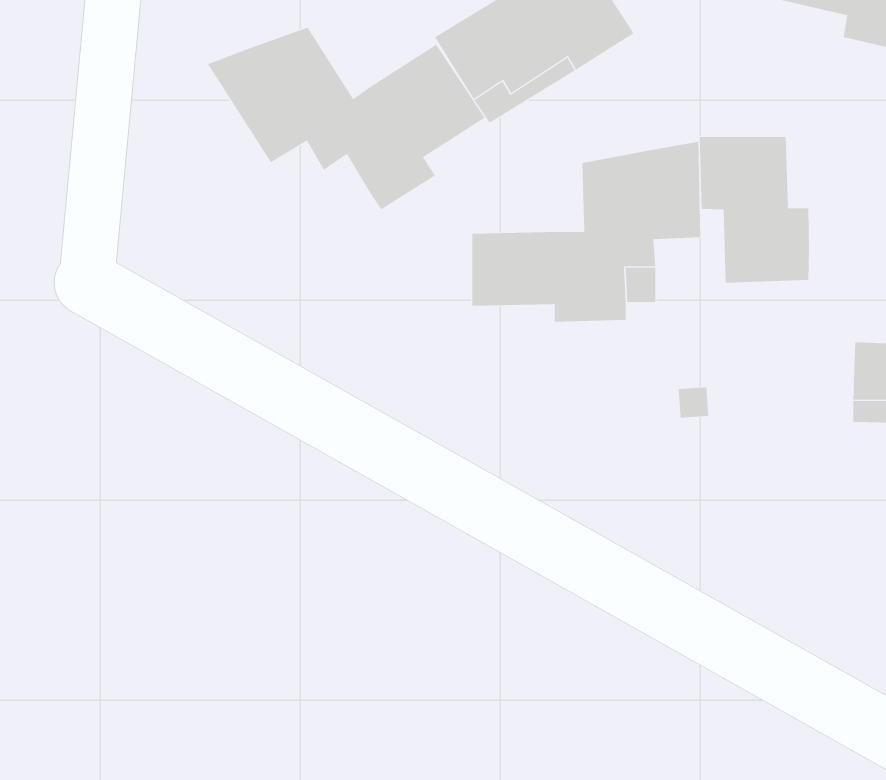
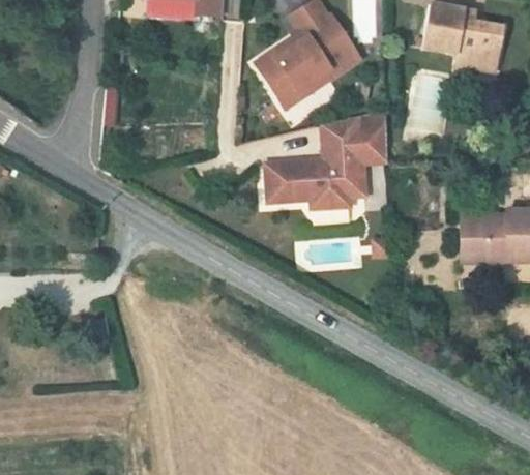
building: [207,27,485,210] -> none
building: [699,136,809,283] -> none

